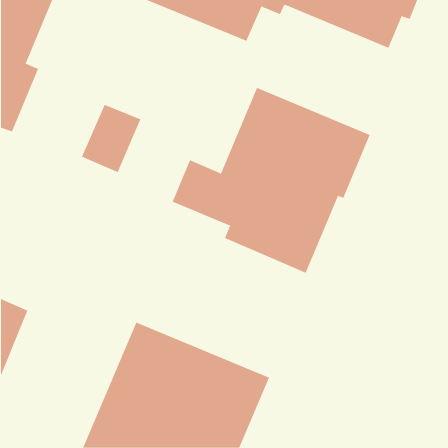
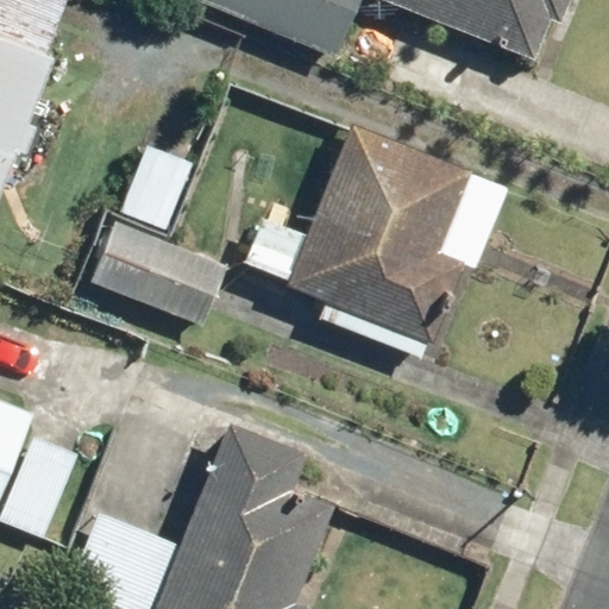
building: none -> [83,216,224,328]

